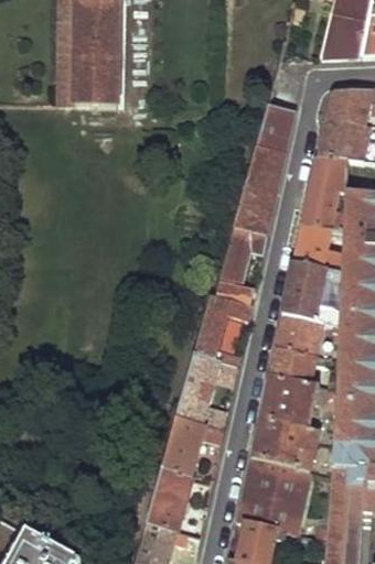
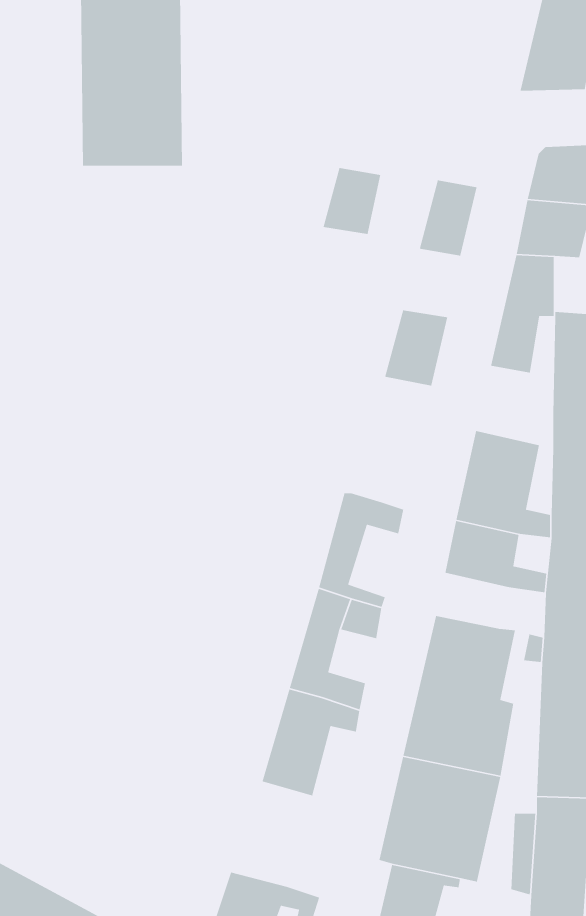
building: [249,152,285,193] -> [322,167,381,235]
building: [293,223,340,272] -> none
building: [218,229,267,304] -> none
building: [269,347,313,380] -> none
building: [146,473,195,535] -> none

